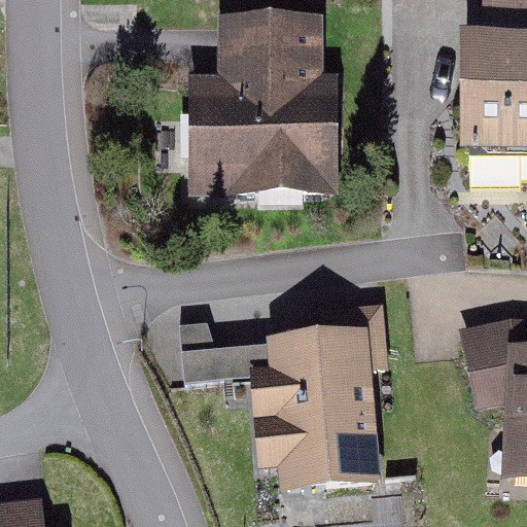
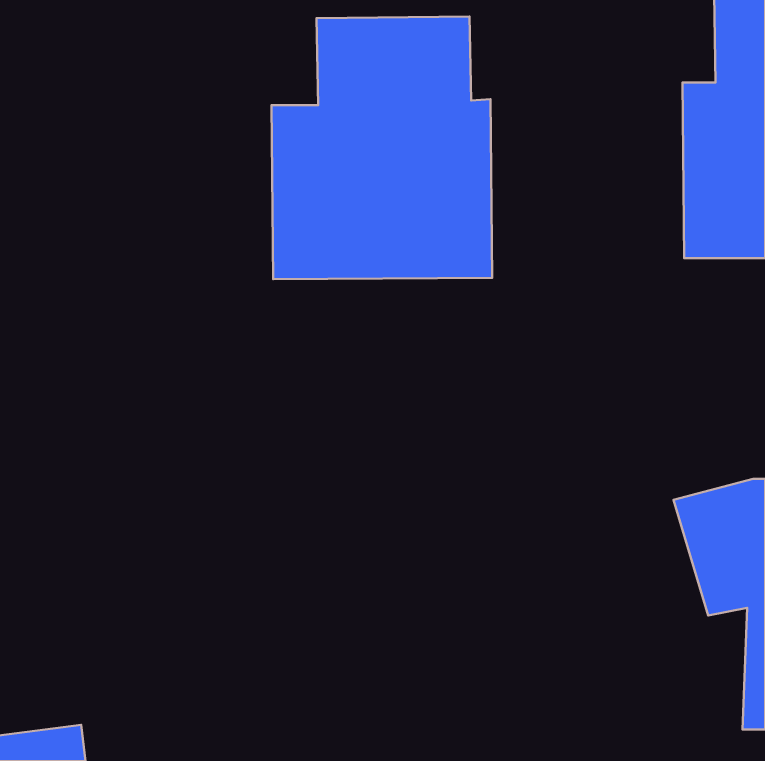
building: [248,302,389,489] -> none

